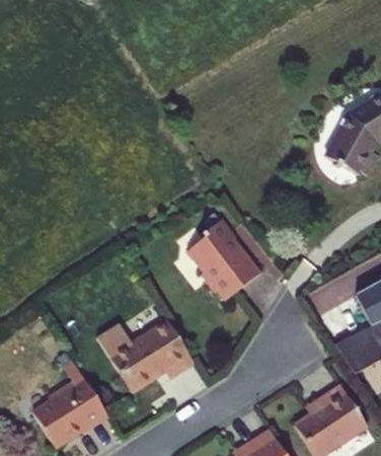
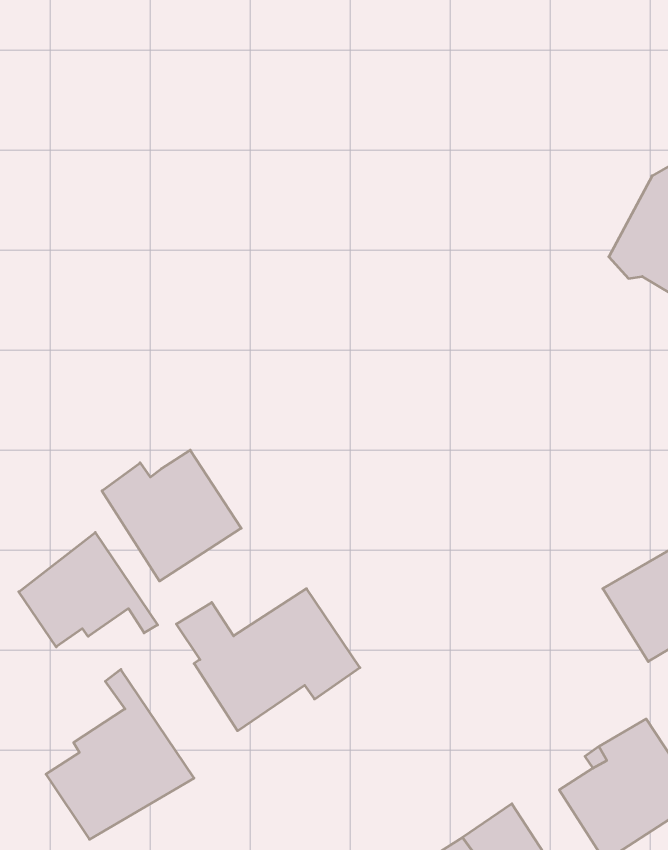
building: [185,220,258,301] -> none
building: none -> [102,450,241,581]
building: none -> [19,532,158,647]

